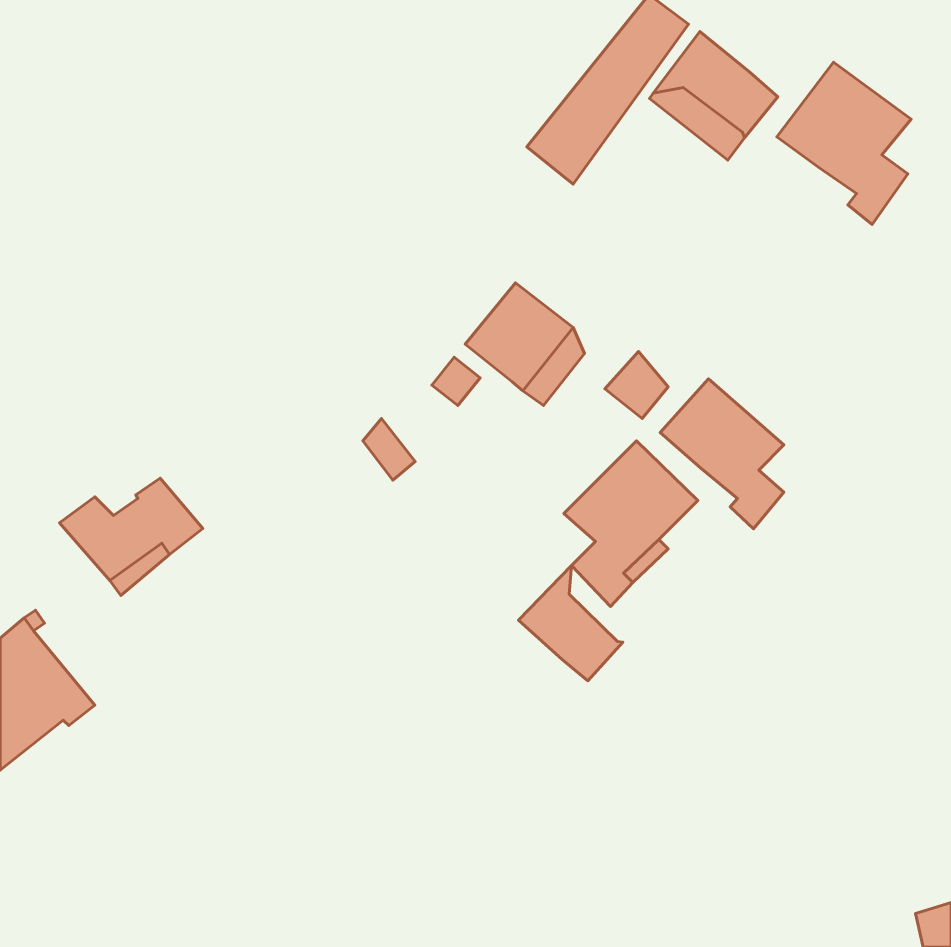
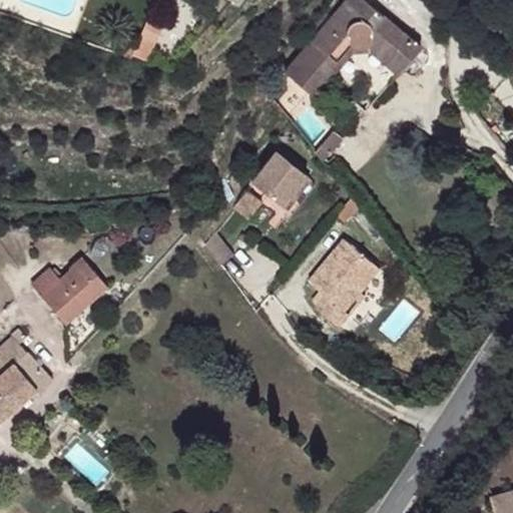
building: [777,62,911,224] -> none
building: [660,379,784,529] -> none
building: [518,566,623,681] -> none

